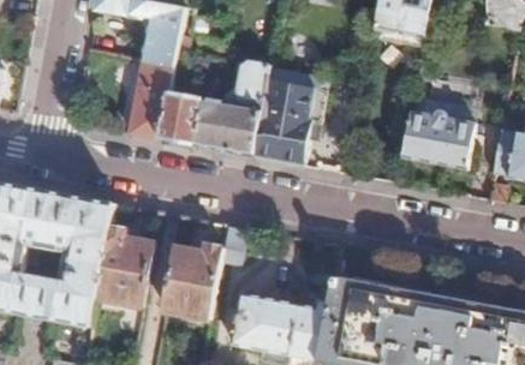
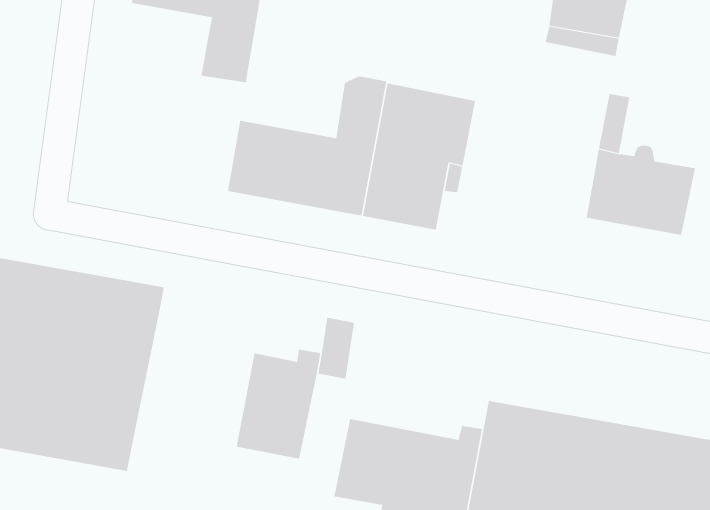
building: [126,59,171,137] -> none
building: [96,226,154,305] -> none

